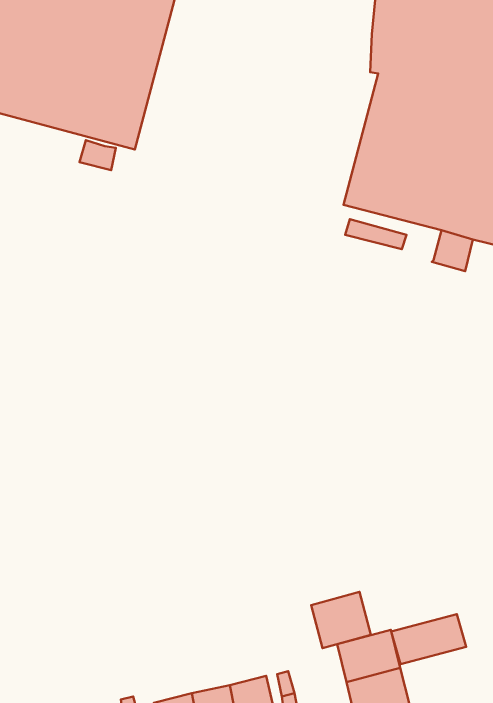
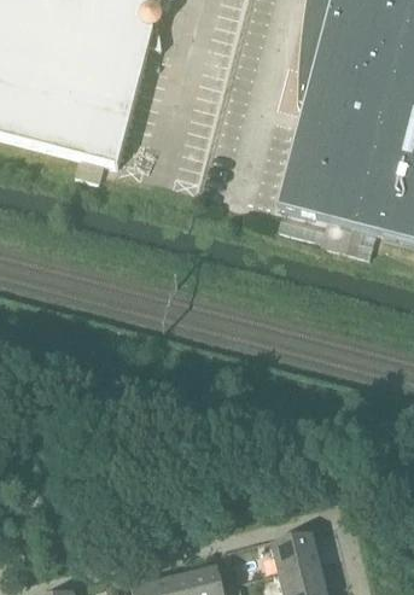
building: [311,592,371,648] -> none
building: [391,614,466,664] -> none

